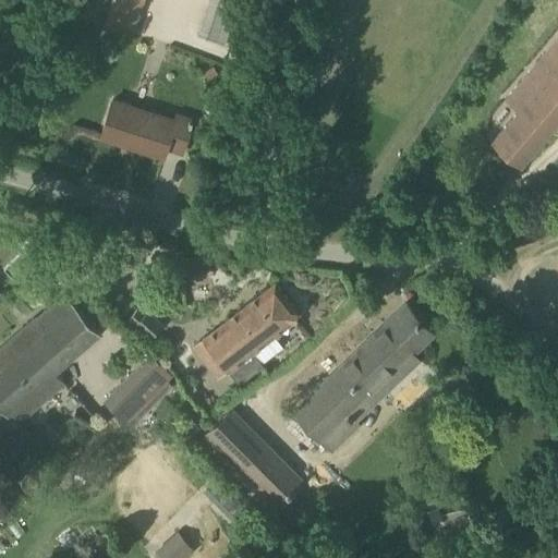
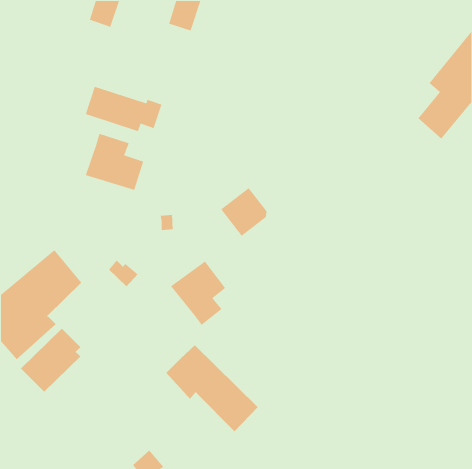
building: none -> [85,133,144,191]
building: [242,284,298,343] -> [220,187,267,237]
building: [290,305,434,450] -> none
building: [101,354,173,430] -> [20,328,81,393]

